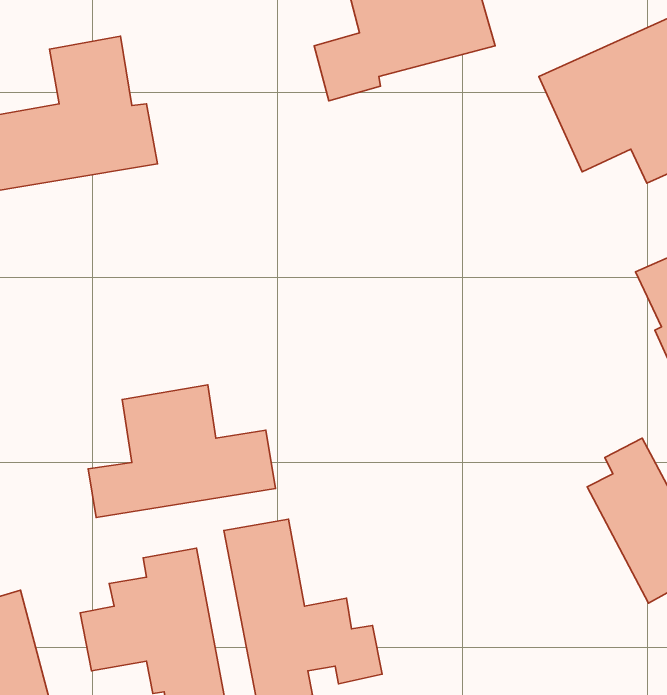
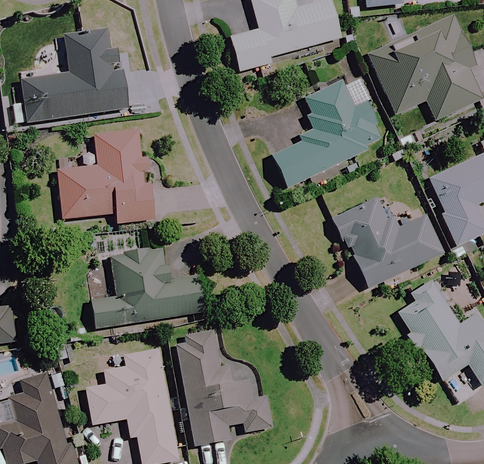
building: none -> [272,81,384,186]
building: none -> [58,130,159,222]
building: none -> [333,197,443,285]

